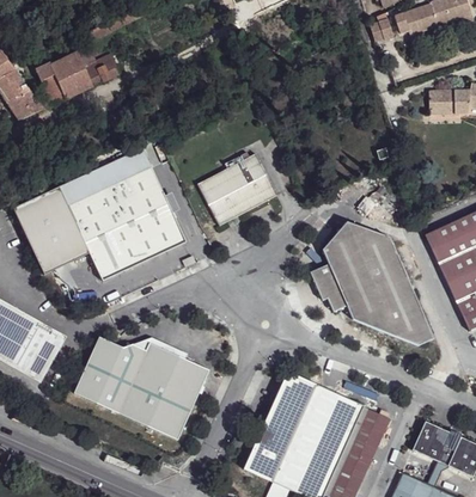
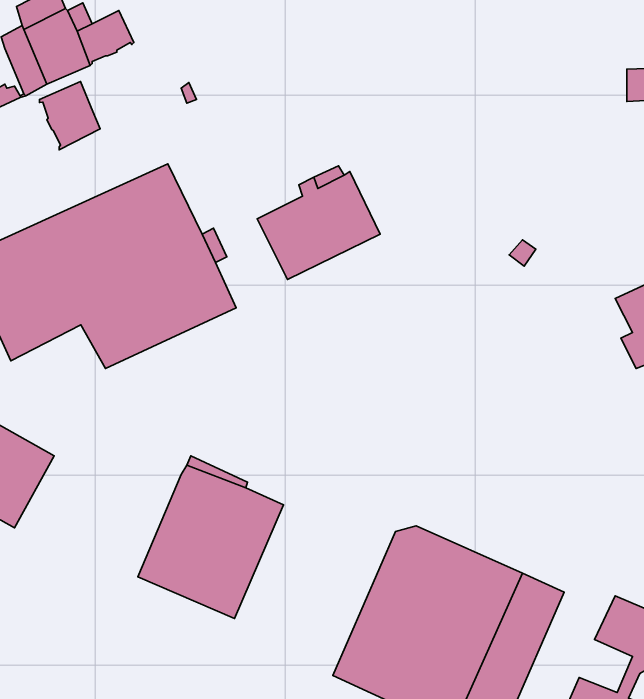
building: none -> [39,82,100,150]
building: [310,222,434,345] -> none
building: [78,332,149,410] -> none

